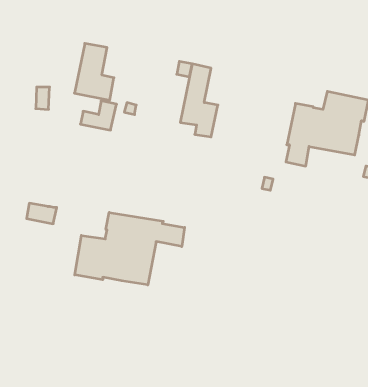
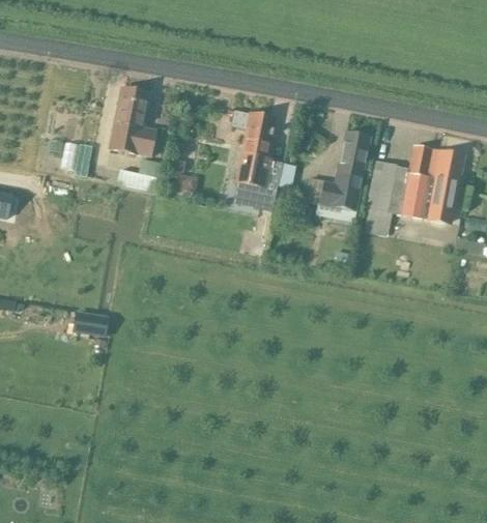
building: none -> [319,132,370,210]
building: [27,203,57,224] -> [73,310,109,335]
building: [75,212,185,285] -> none

